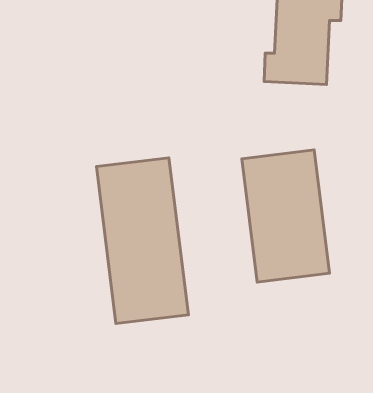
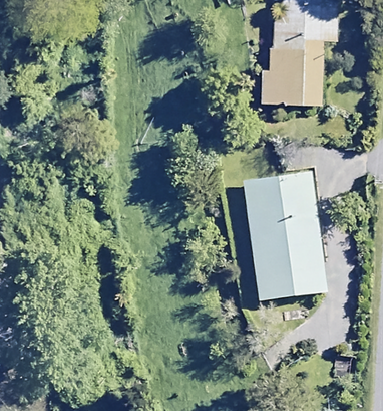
building: [96,158,188,323] -> none

